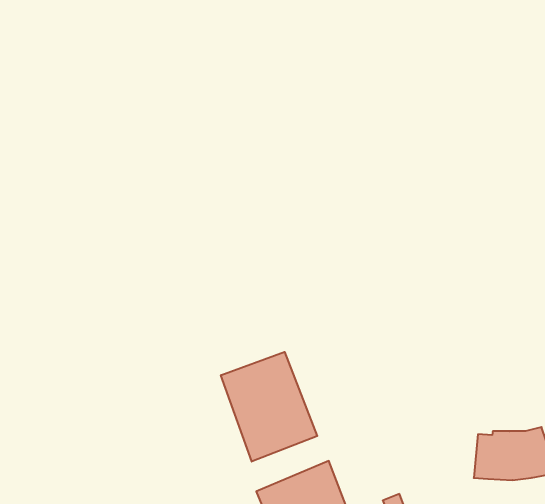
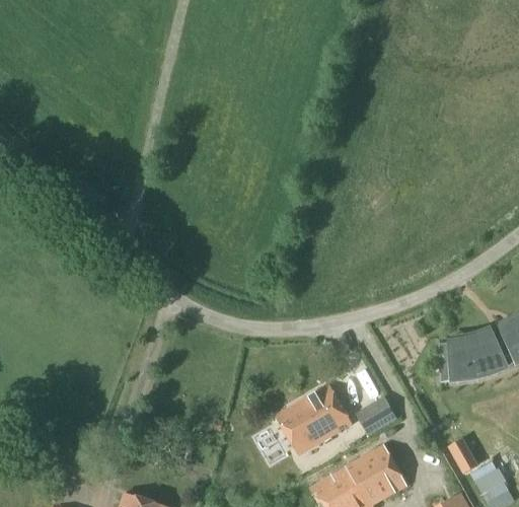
building: [221,352,317,462] -> none

